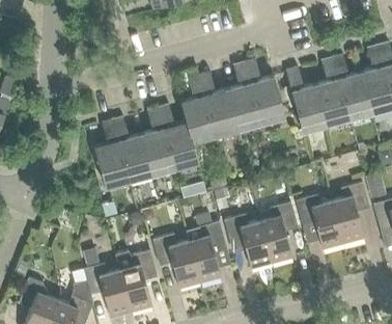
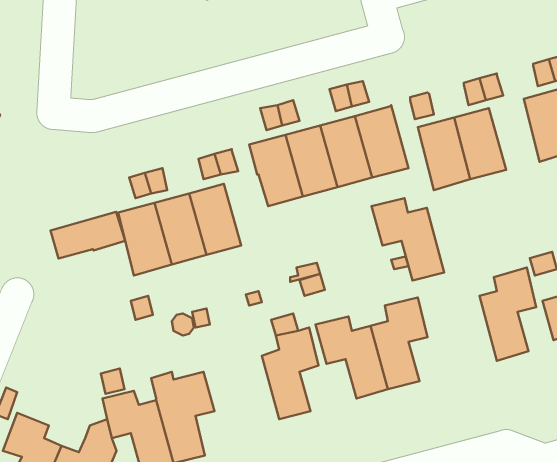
building: [338,72,371,118] -> none
building: [164,122,199,168] -> none
building: none -> [50,212,125,258]
building: [296,195,343,249] -> [371,198,444,280]
building: [152,234,200,289] -> none

